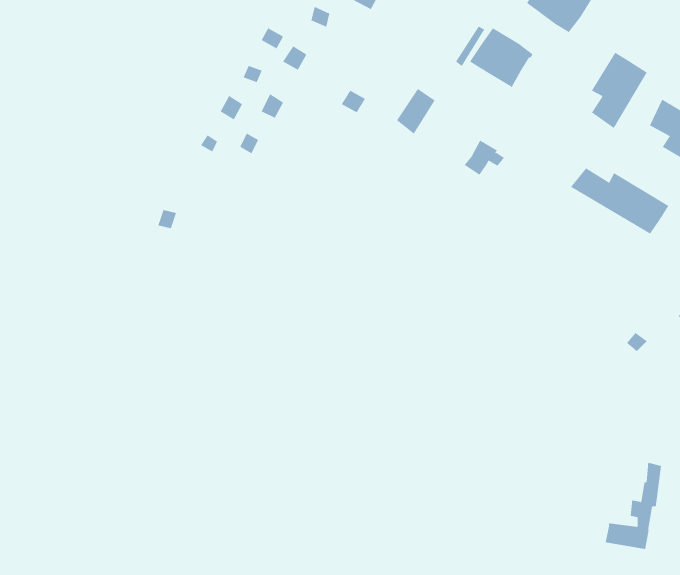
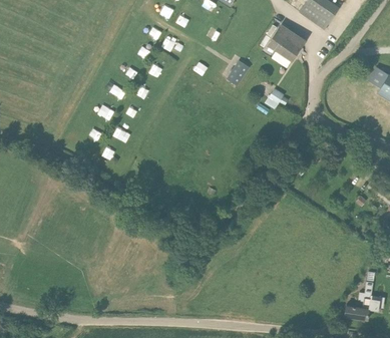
building: [591,52,647,129] -> none
building: [570,167,669,235] -> none

